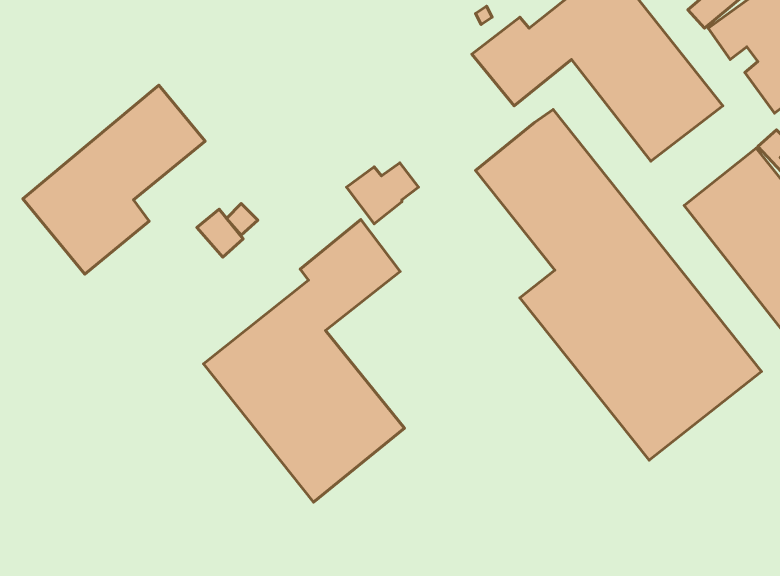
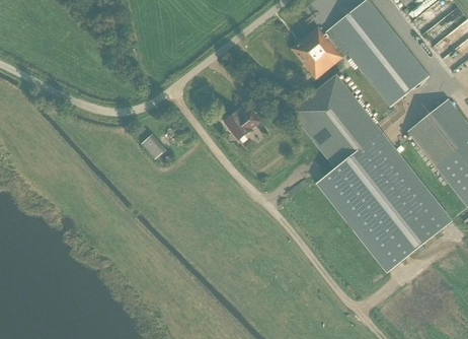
building: [23,85,205,274] -> none
building: [203,220,405,502] -> none

